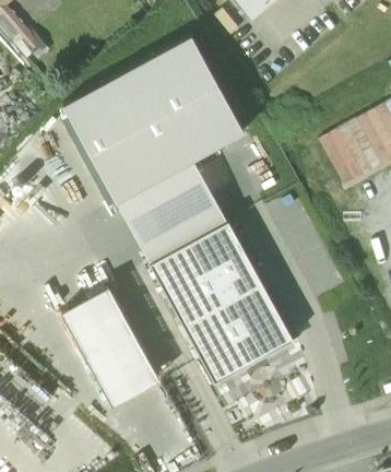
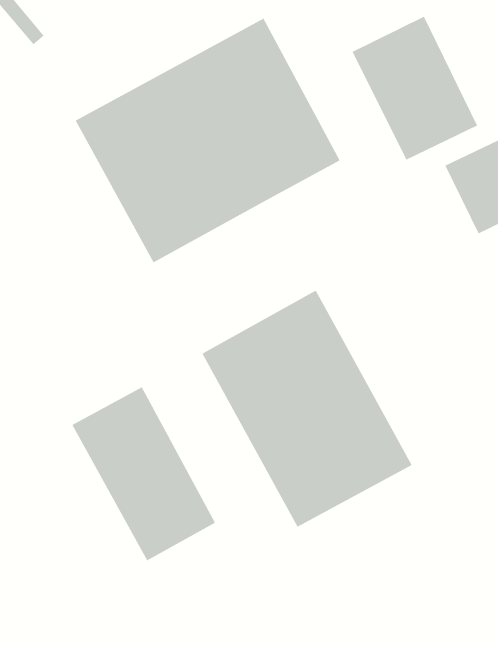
building: none -> [352,16,478,160]
building: [117,162,227,266] -> none

